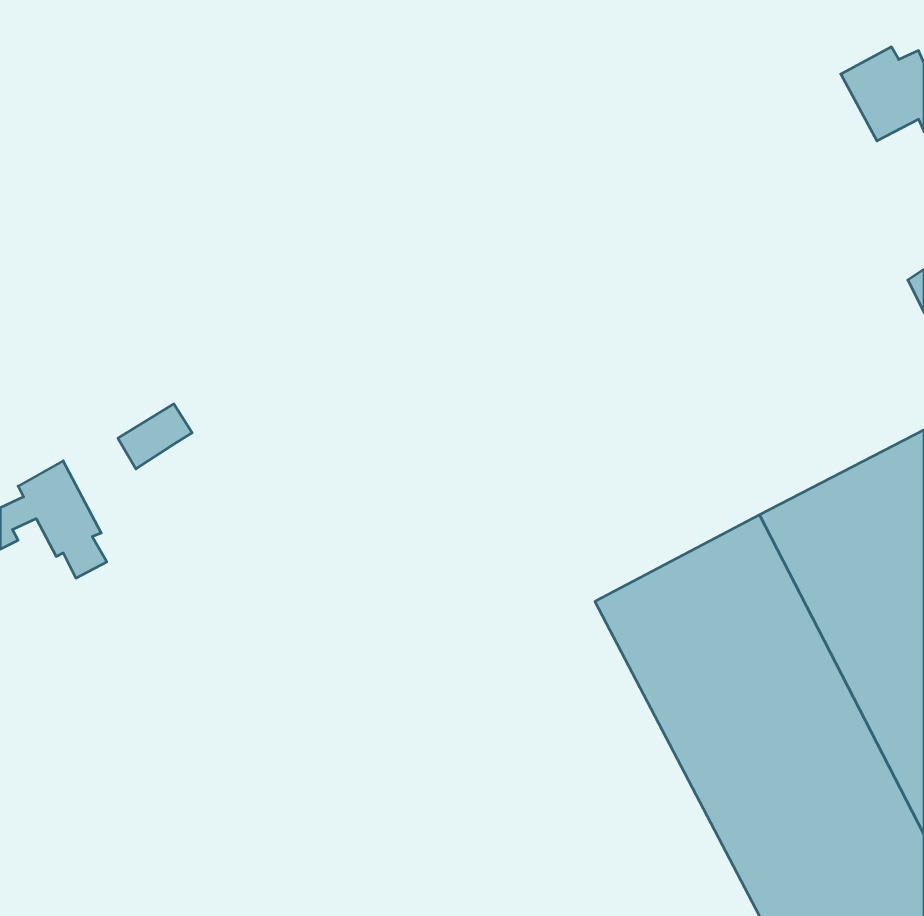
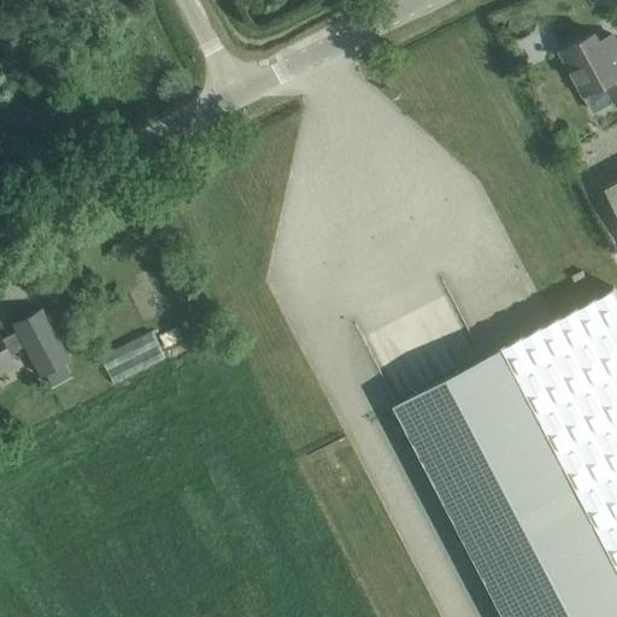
building: [118,404,192,469] -> [102,340,152,383]

